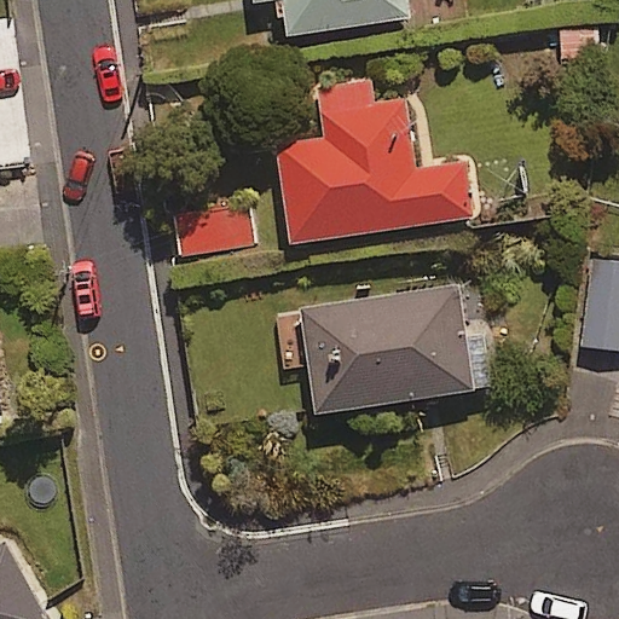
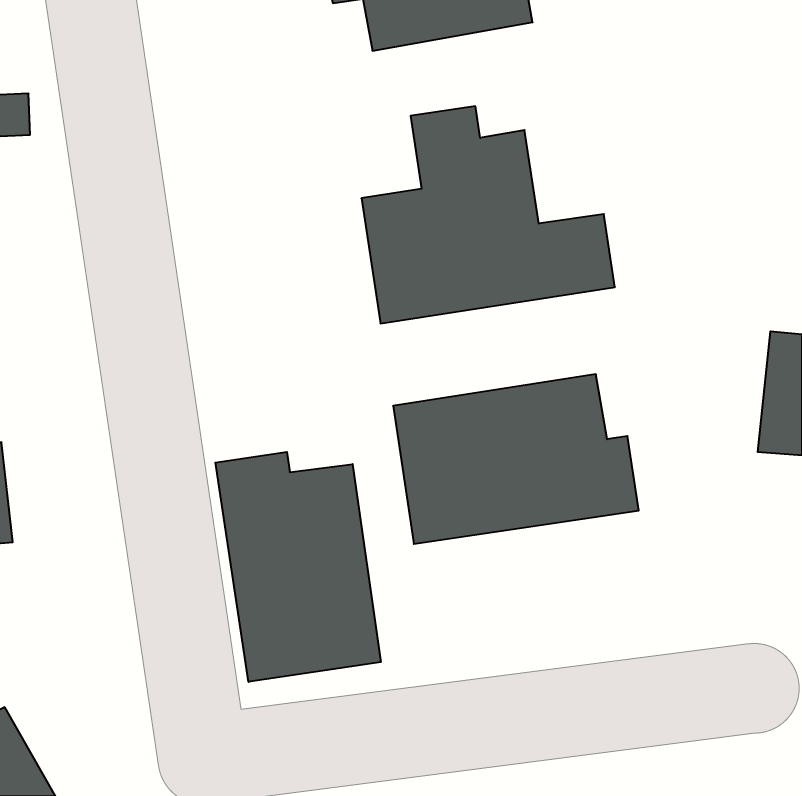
building: none -> [215,452,381,682]

